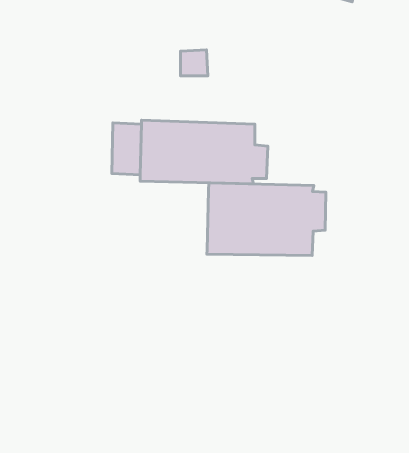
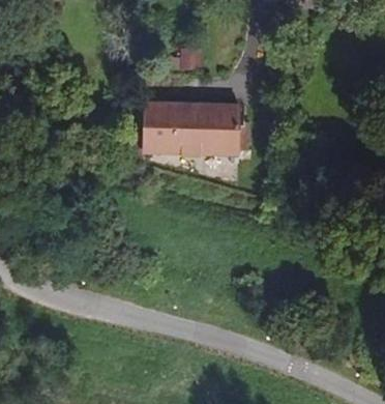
building: [207,183,326,255] -> none

